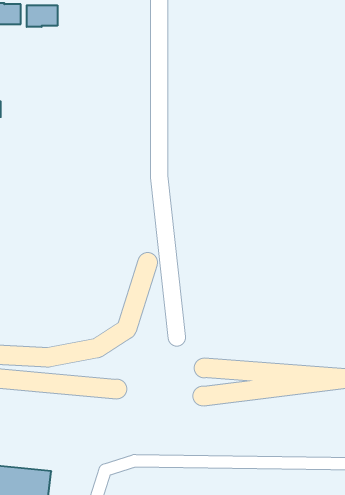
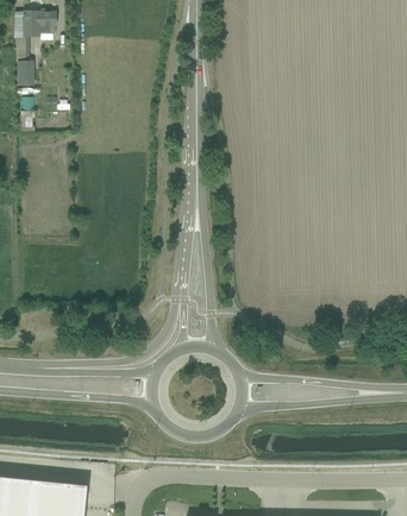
building: [27,5,57,27] -> none

